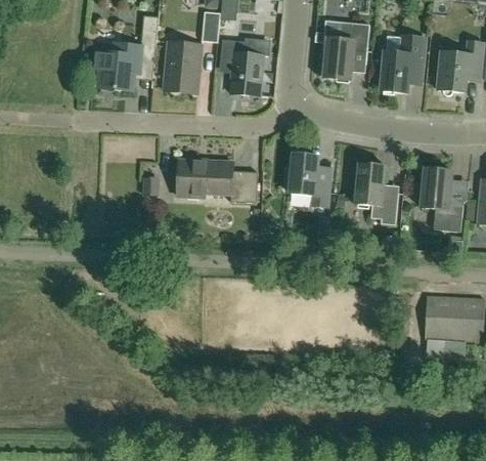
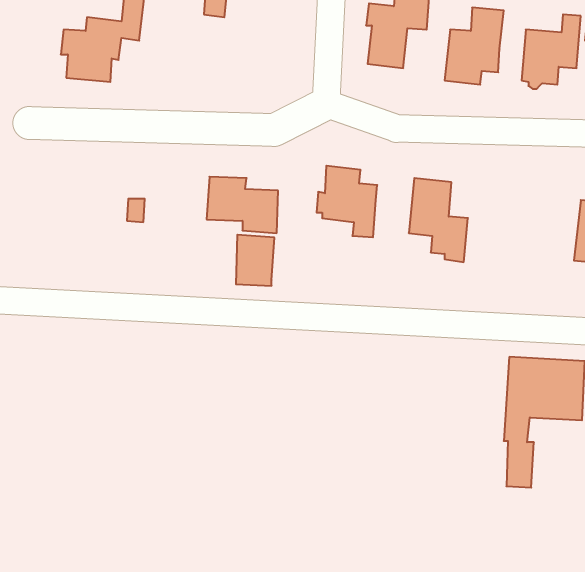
building: [219,38,263,95] -> none
building: [164,41,202,92] -> none
building: [177,159,206,197] -> [236,235,274,286]
building: [422,167,462,230] -> none

